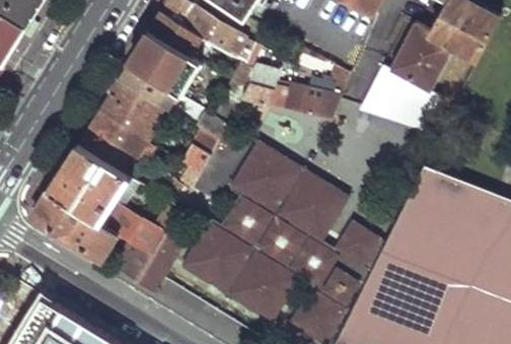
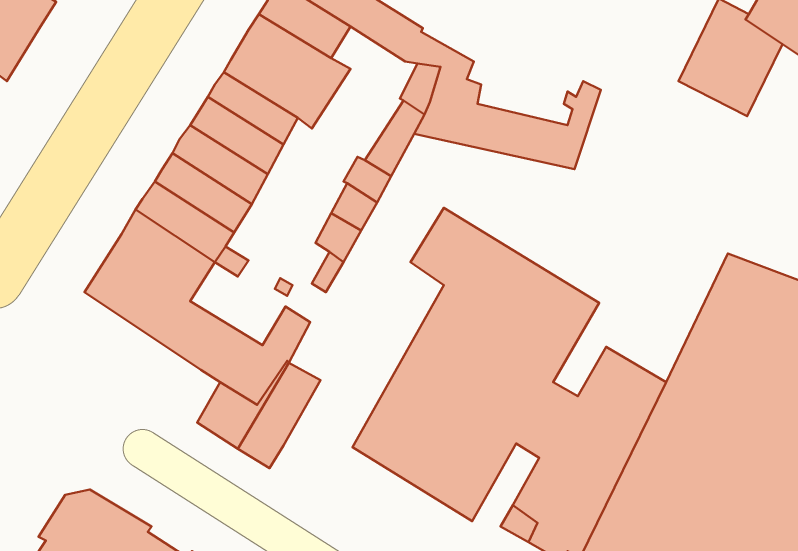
building: [359,64,437,131] -> none
building: [181,173,256,279] -> none
building: [32,190,116,259] -> none

